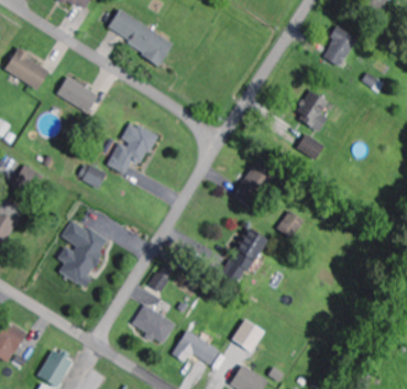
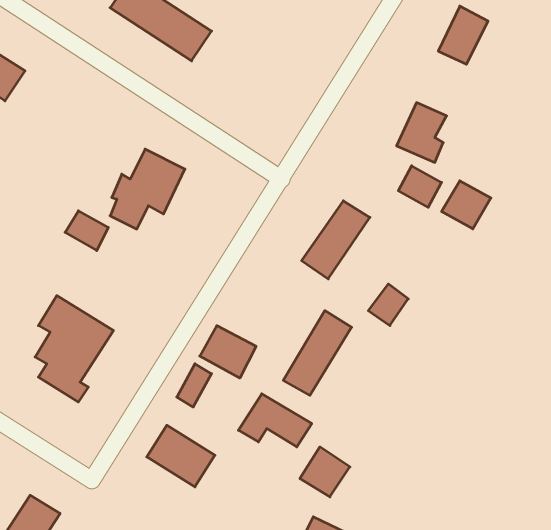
building: [57,78,98,111] -> none
building: none -> [442,181,491,229]
building: none -> [200,326,256,378]
building: [172,331,220,366] -> [238,394,312,447]

